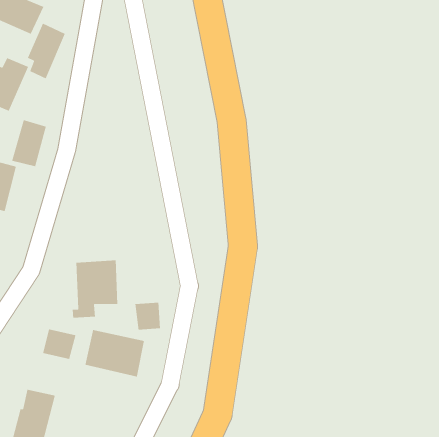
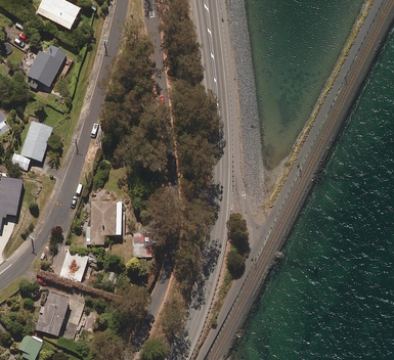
building: [27,23,66,79] -> none
building: [11,119,47,167] -> none
building: [84,329,145,377] -> none

